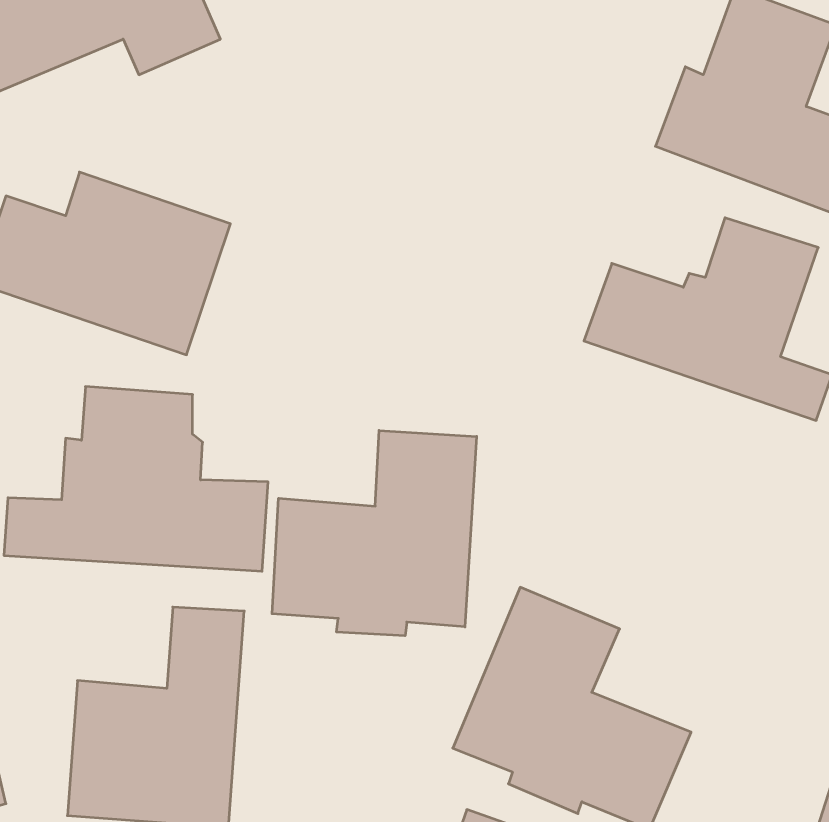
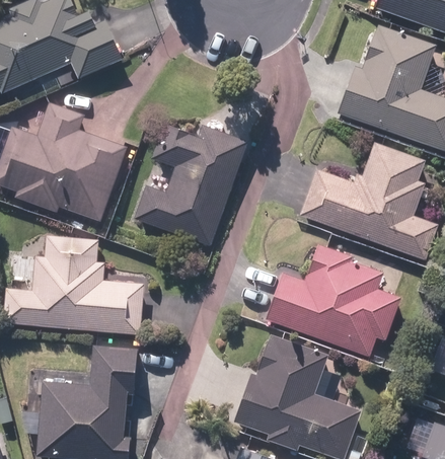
building: none -> [136,127,241,244]
building: none -> [269,242,413,363]
building: [272,430,477,636] -> none

